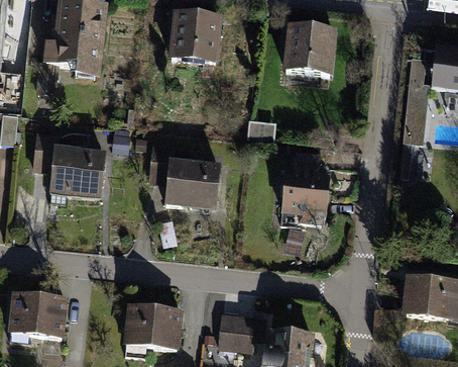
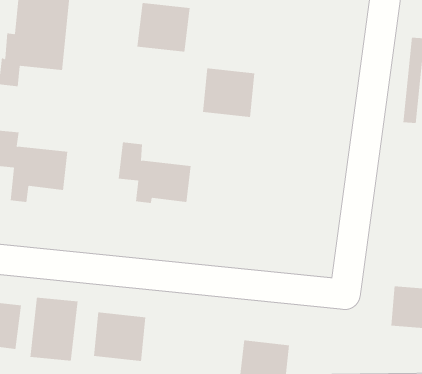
building: [288,25,337,72] -> [202,68,255,117]
building: [279,172,330,218] -> none
building: none -> [30,297,78,362]
building: [217,312,264,349] -> none

